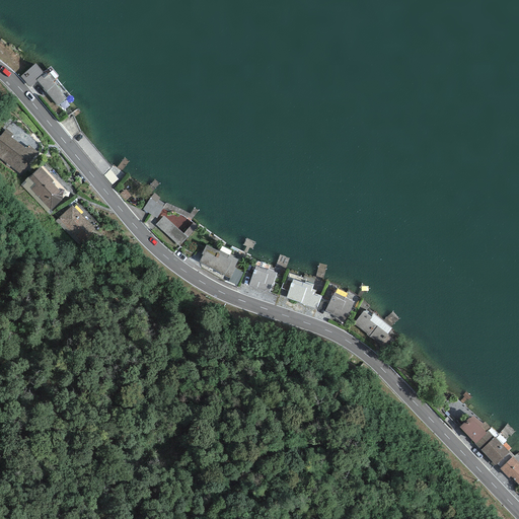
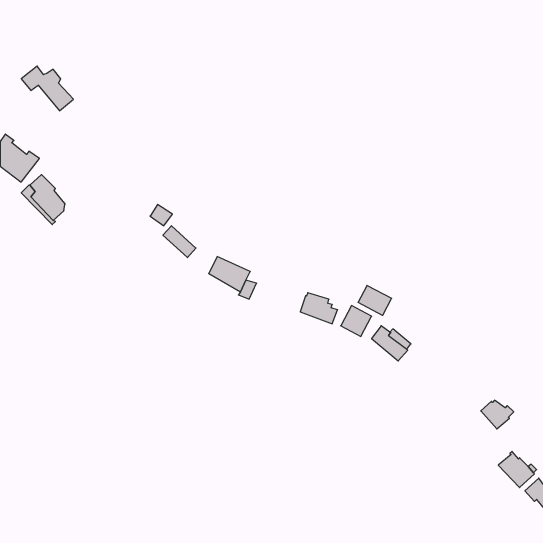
building: [56,204,96,244] -> none
building: [249,265,278,291] -> none
building: none -> [358,285,392,315]
building: [460,416,492,443] -> [481,400,514,429]

